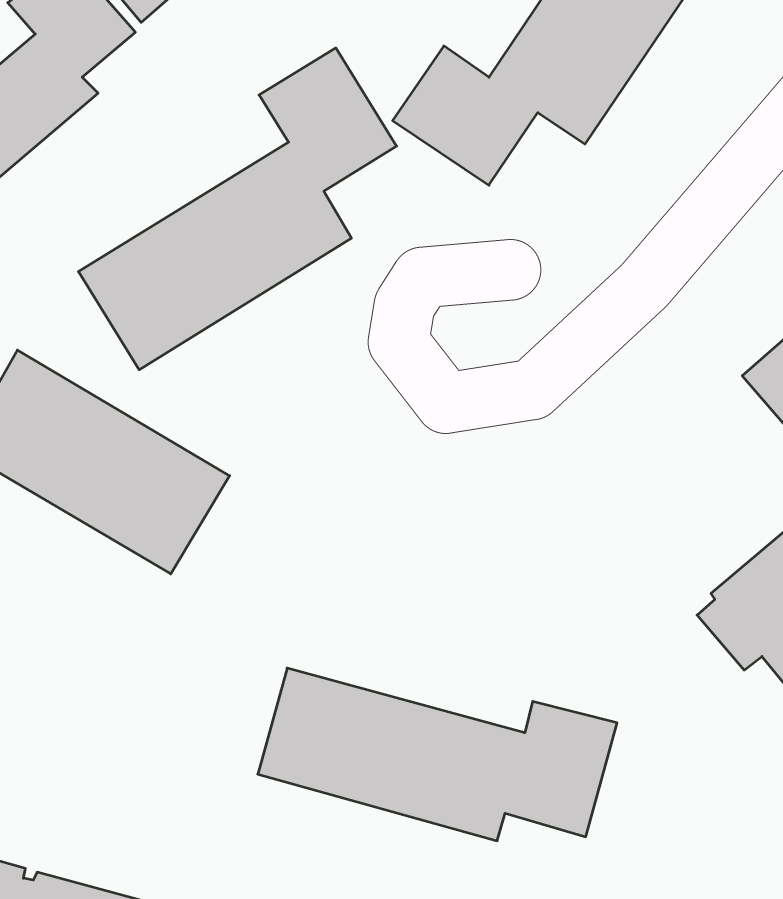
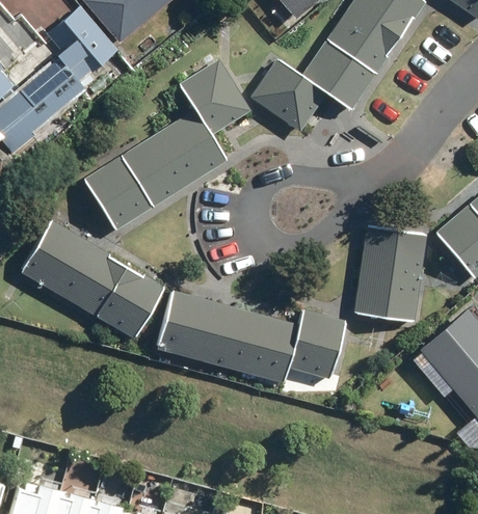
building: none -> [355,228,425,321]
building: [258,668,617,841] -> [157,291,347,382]

